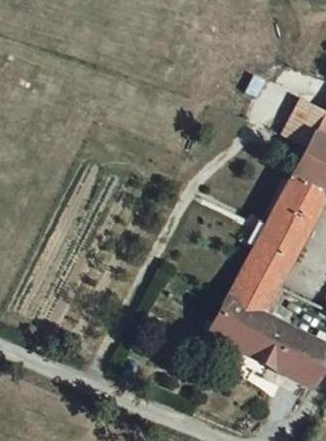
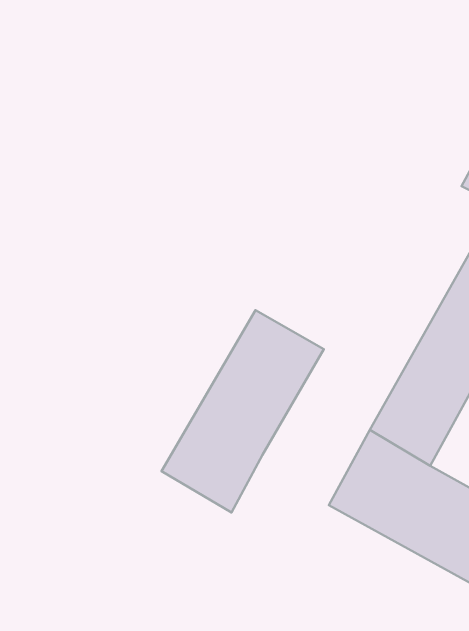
building: none -> [161,310,324,513]

